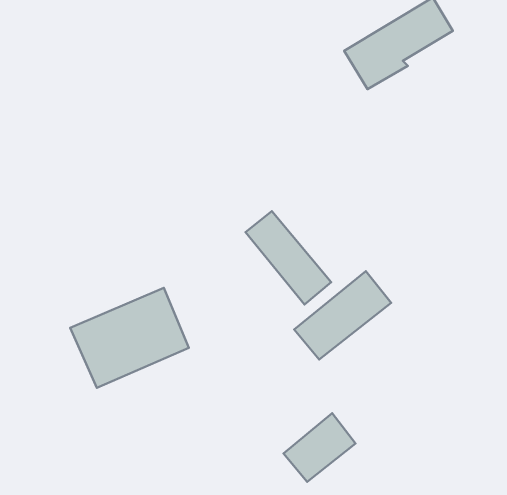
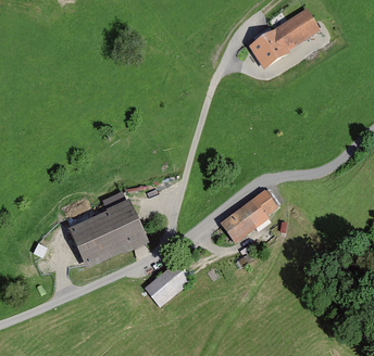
building: [245,211,331,305] -> none
building: [284,413,356,482] -> [145,263,191,307]

